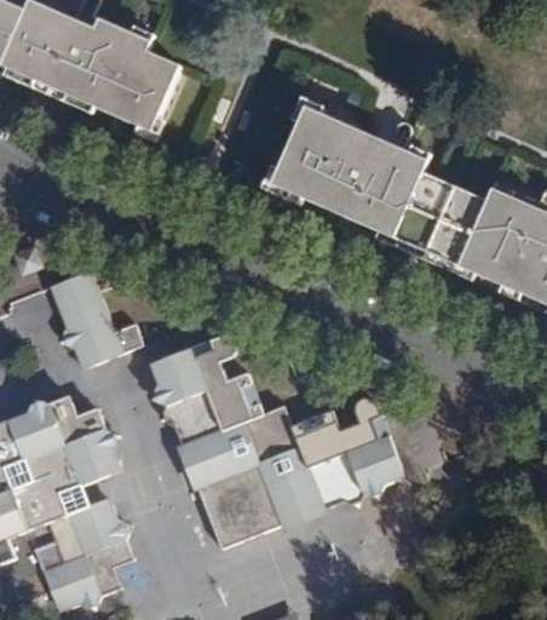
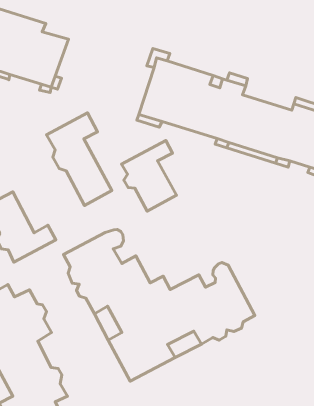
building: none -> [47,113,112,205]
building: none -> [122,141,176,211]

